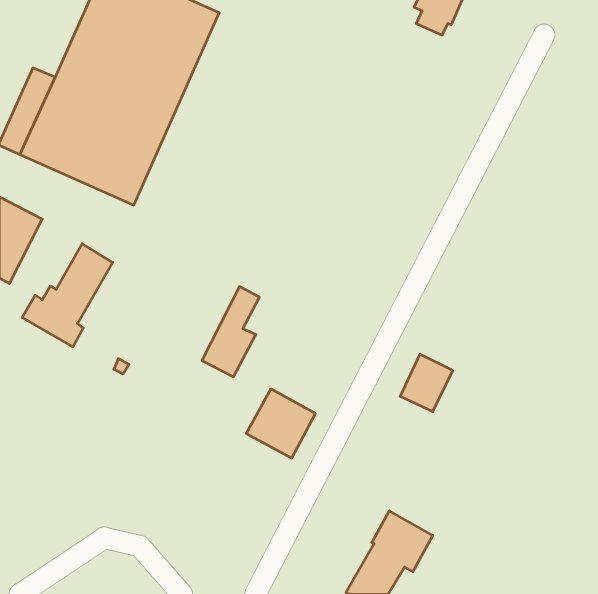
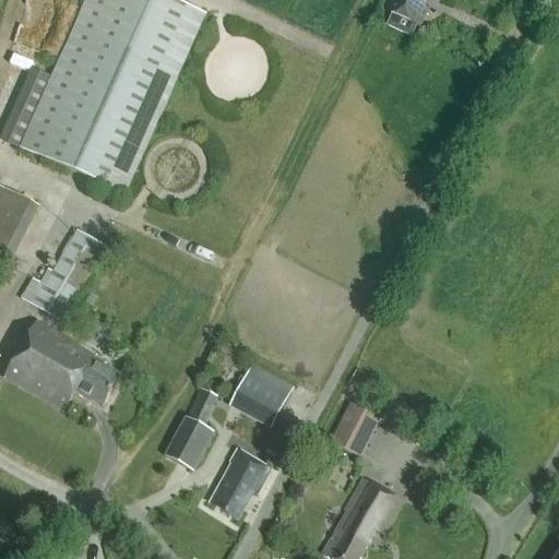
building: [202,287,259,377] -> [165,385,218,469]
building: none -> [5,320,120,409]
building: [400,354,453,412] -> [332,401,381,454]
building: none -> [209,448,272,518]

